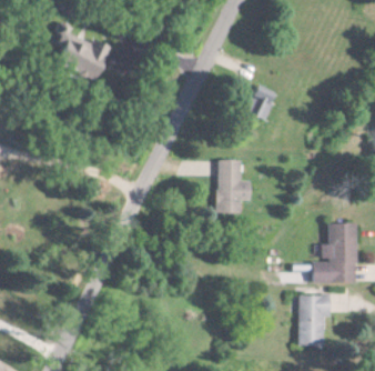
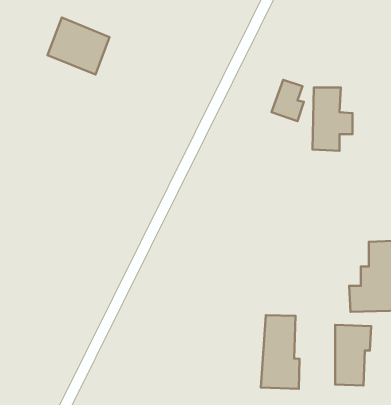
building: [217,160,252,214] -> [312,87,353,151]
building: none -> [261,315,299,389]

